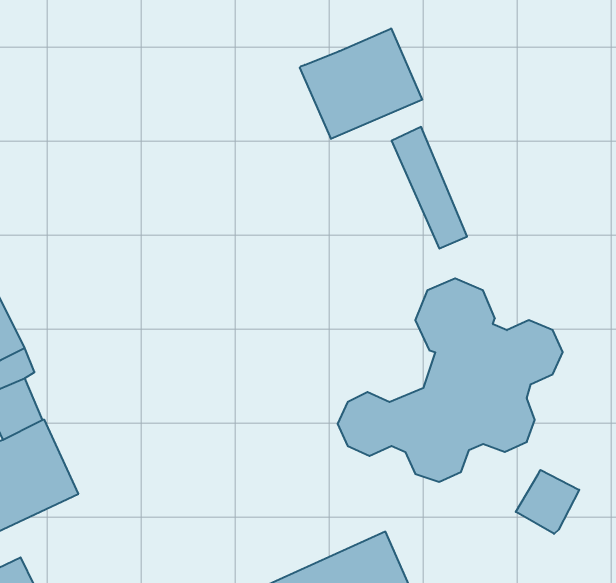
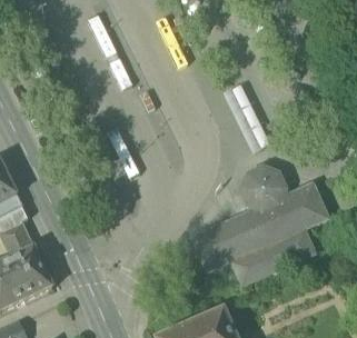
building: [300,28,422,139] -> none
building: [516,470,579,534] -> none

